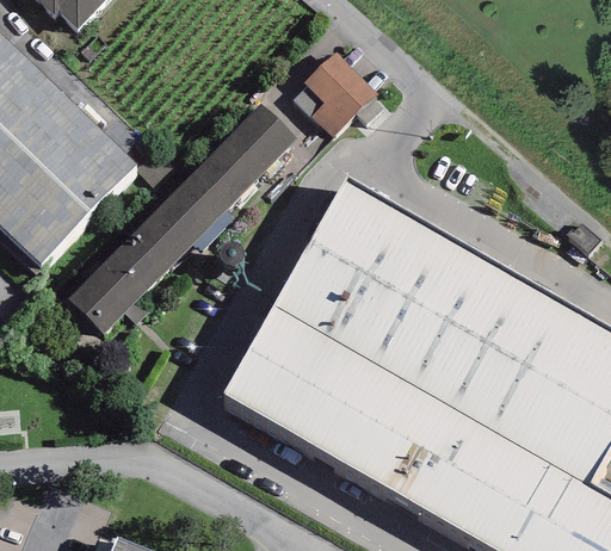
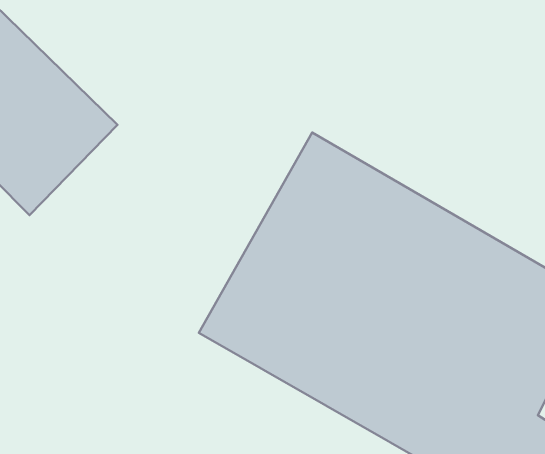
building: [292,54,383,140] -> none
building: [67,105,296,335] -> none

